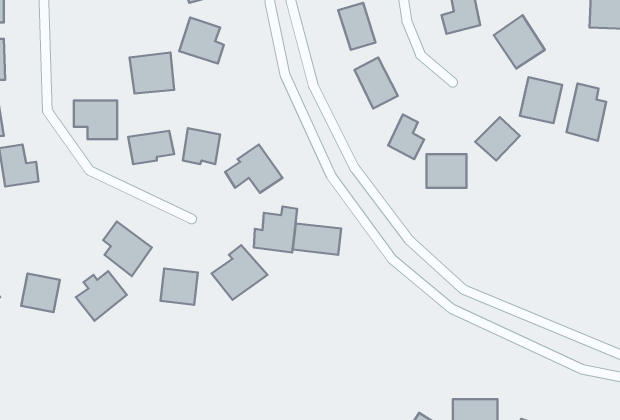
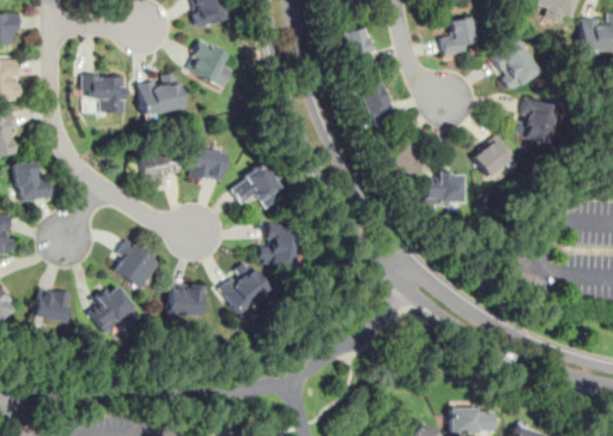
building: [567,83,606,141] -> none
building: [74,101,117,139] -> [83,75,125,113]
building: [293,223,341,255] -> none

